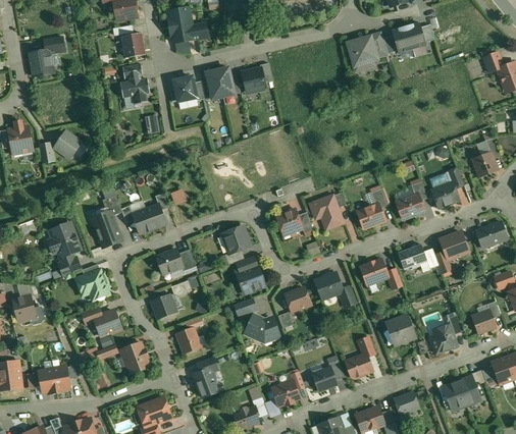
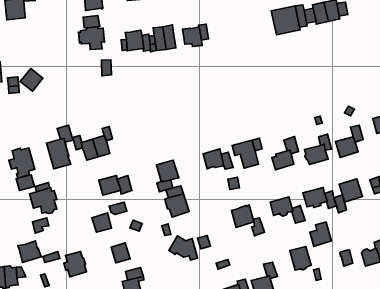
building: [285,287,310,311] -> none
building: [93,310,121,336] -> [18,241,41,262]
building: [430,324,457,354] -> [310,222,332,246]

